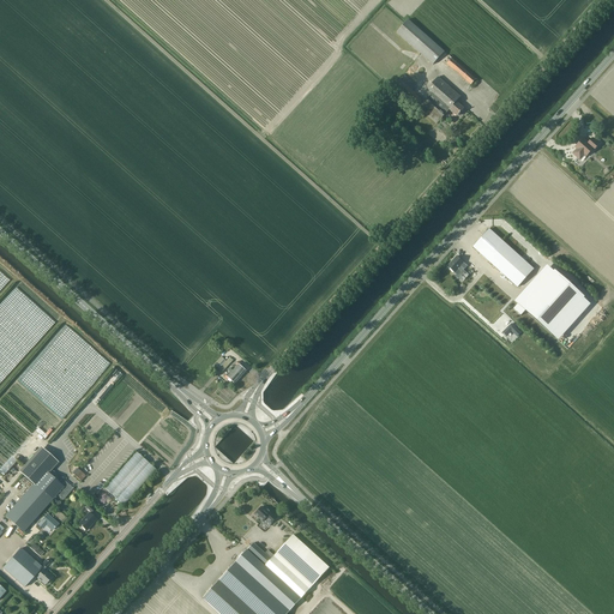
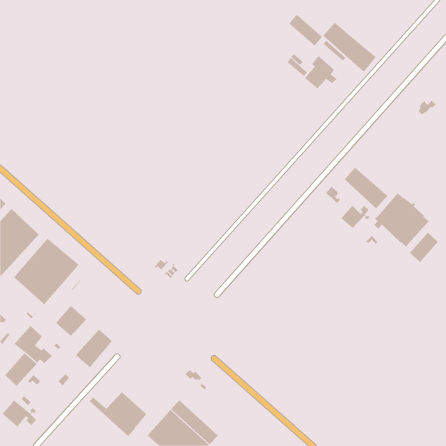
building: none -> [322,22,377,72]
building: none -> [341,205,370,229]
building: none -> [409,232,439,263]
building: none -> [55,305,87,337]
building: [246,535,326,597] -> [89,391,147,437]

